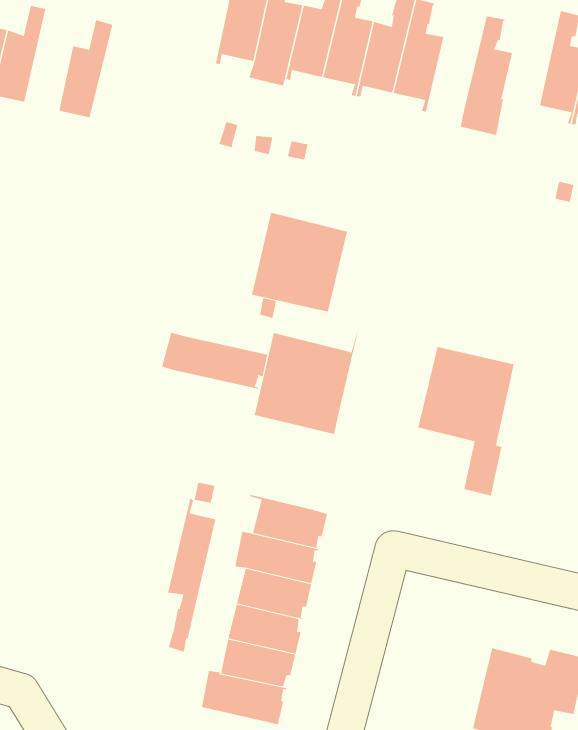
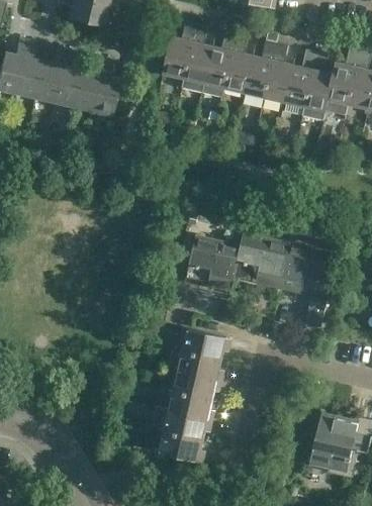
building: none -> [327,48,360,107]
building: none -> [53,49,80,108]
building: none -> [283,50,317,109]
building: none -> [90,59,118,117]
building: [251,212,348,312] -> [234,232,289,290]
building: [162,332,268,389] -> none
building: [167,497,216,653] -> none

